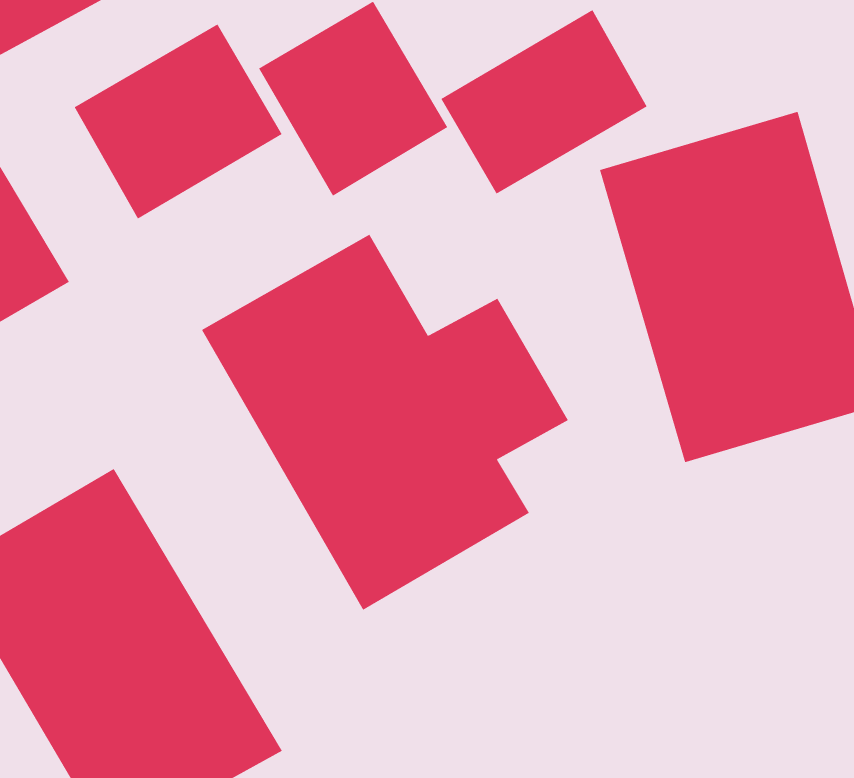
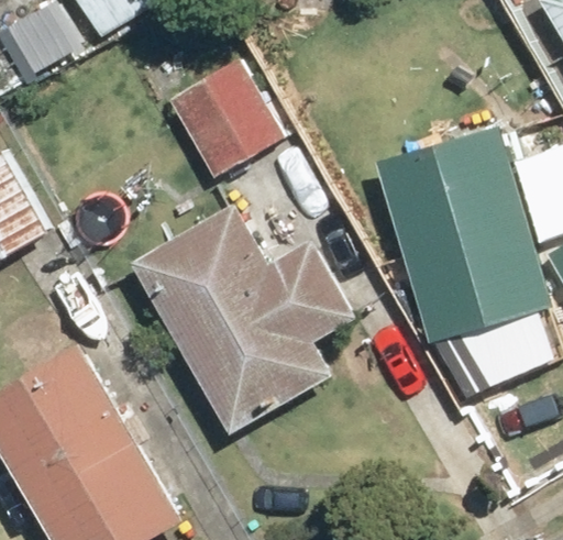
building: [440,9,648,194] -> none
building: [74,24,282,219] -> none

